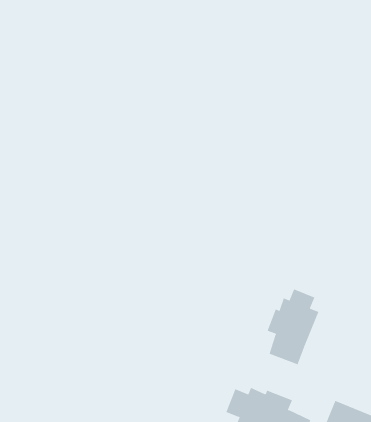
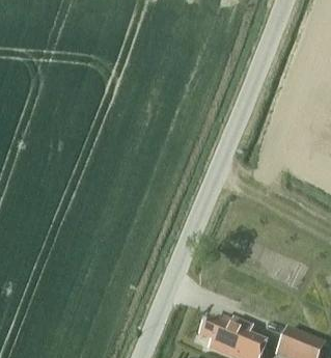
building: [267,288,319,365] -> none

